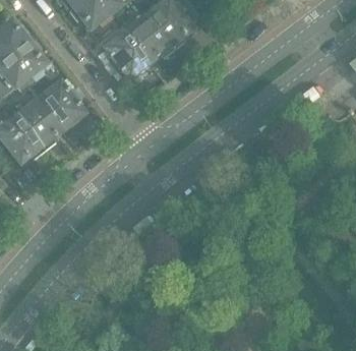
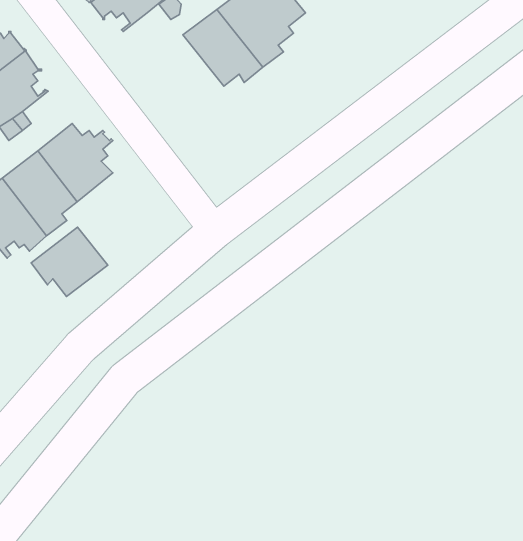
building: [103,30,150,77] -> none
building: none -> [31,227,108,296]

